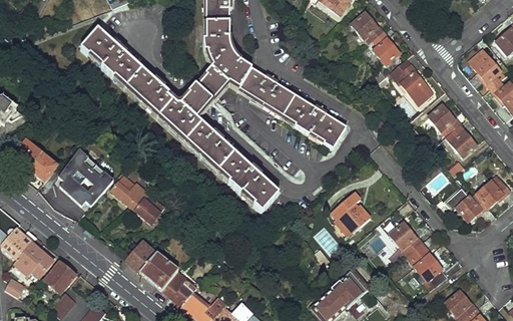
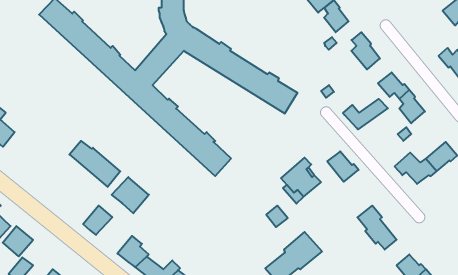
building: [469,50,499,88] -> none
building: none -> [343,99,388,129]
building: [57,148,113,206] -> none
building: [390,223,422,254] -> [327,151,359,182]
building: [139,254,177,291] -> [112,177,149,213]

